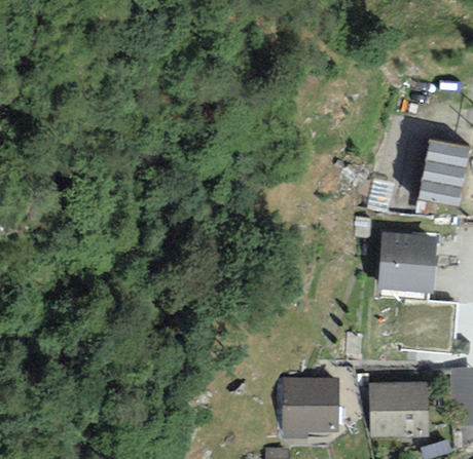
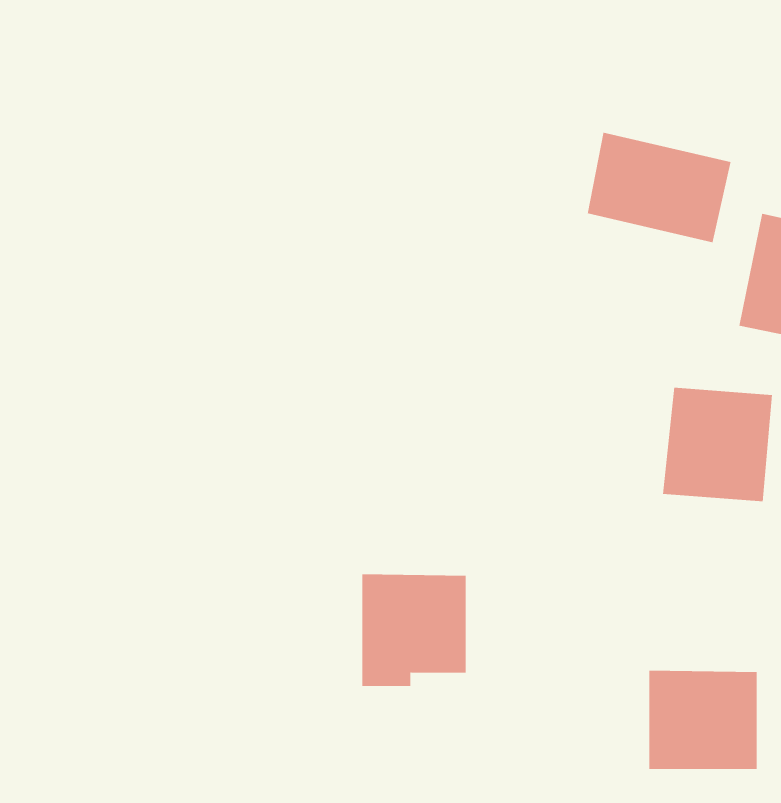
building: none -> [587,132,731,243]
building: [281,377,337,437] -> [361,574,467,687]

